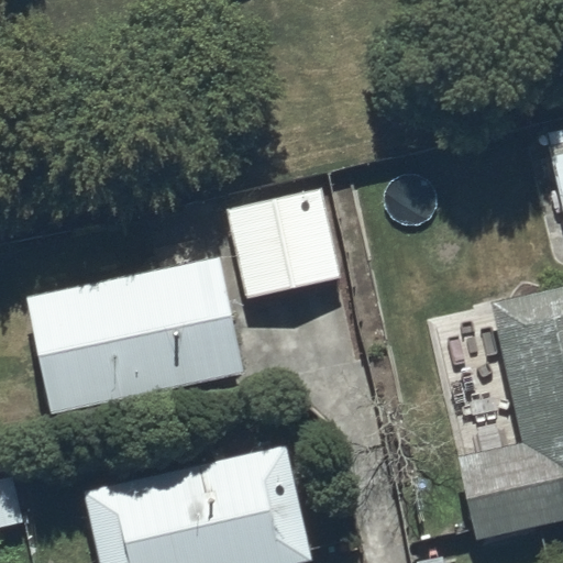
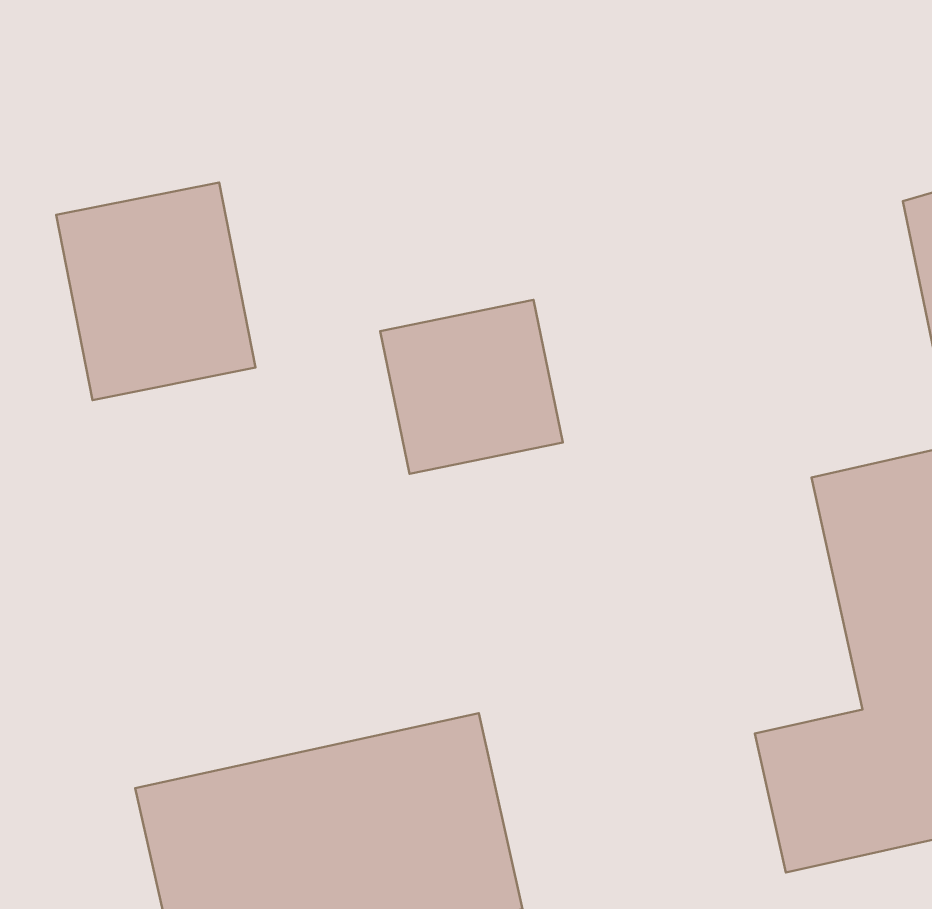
building: none -> [56,182,256,400]
building: [26,256,243,412] -> none

